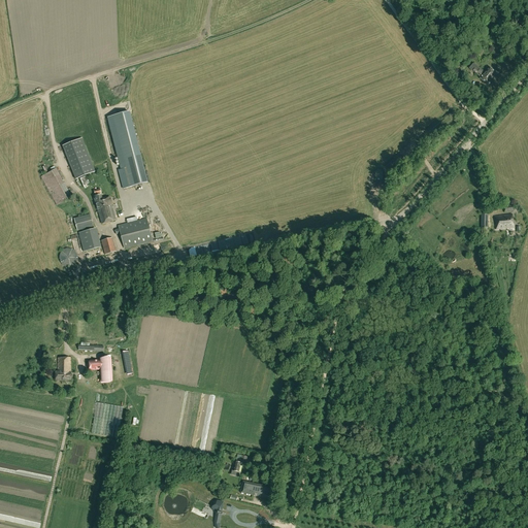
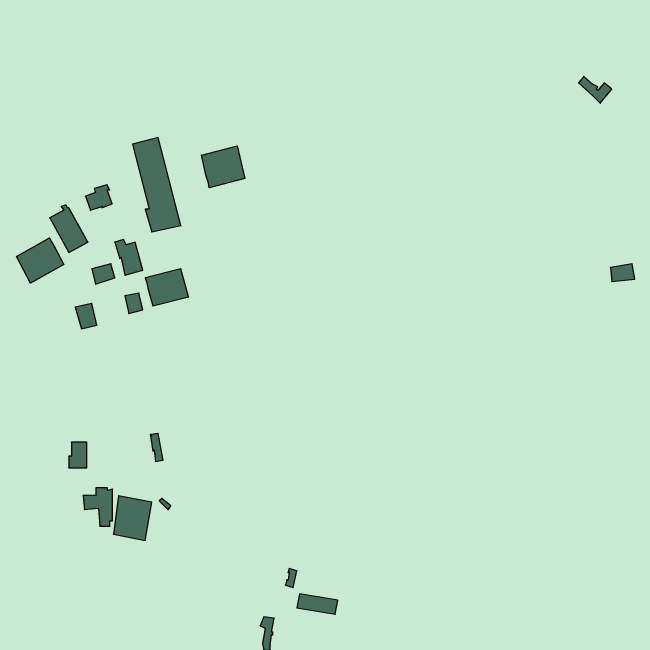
building: none -> [201,146,245,188]
building: none -> [17,238,64,283]
building: [79,227,102,251] -> none
building: [89,352,112,383] -> [83,488,112,526]

